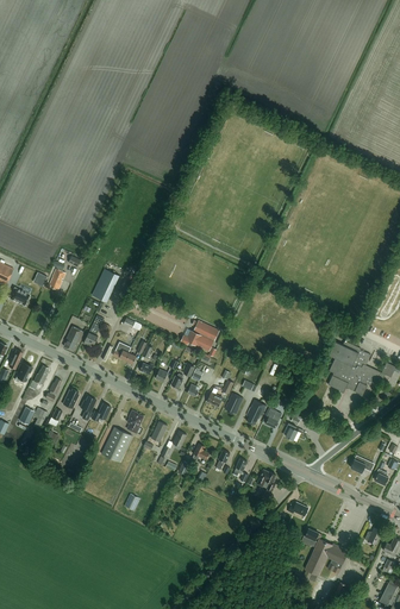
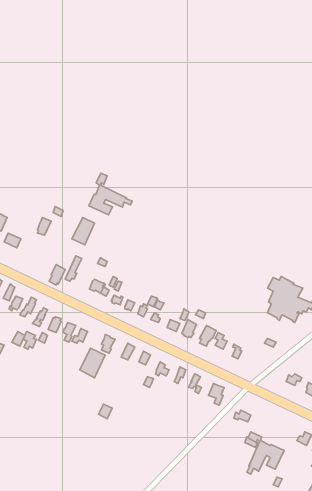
building: none -> [89,173,132,215]
building: [181,320,219,352] -> none

